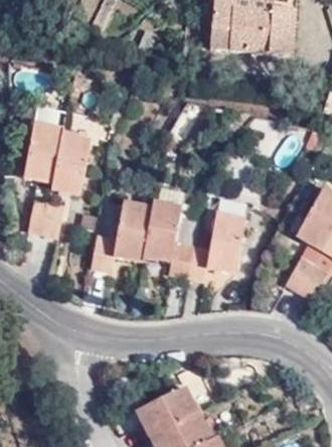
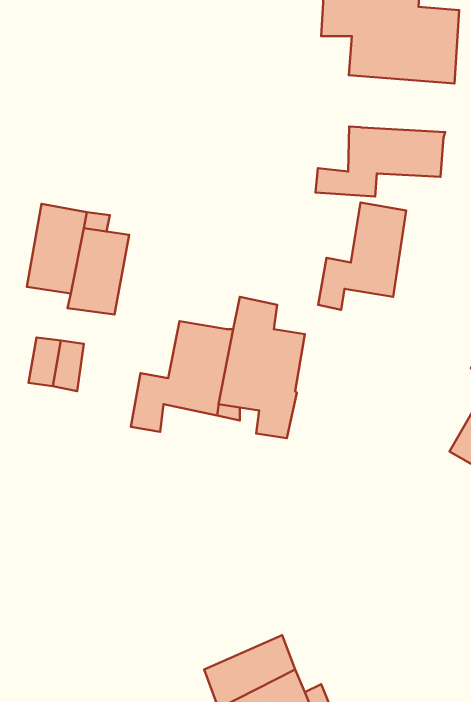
building: none -> [316,126,445,197]
building: [191,210,245,277] -> [318,202,406,310]

